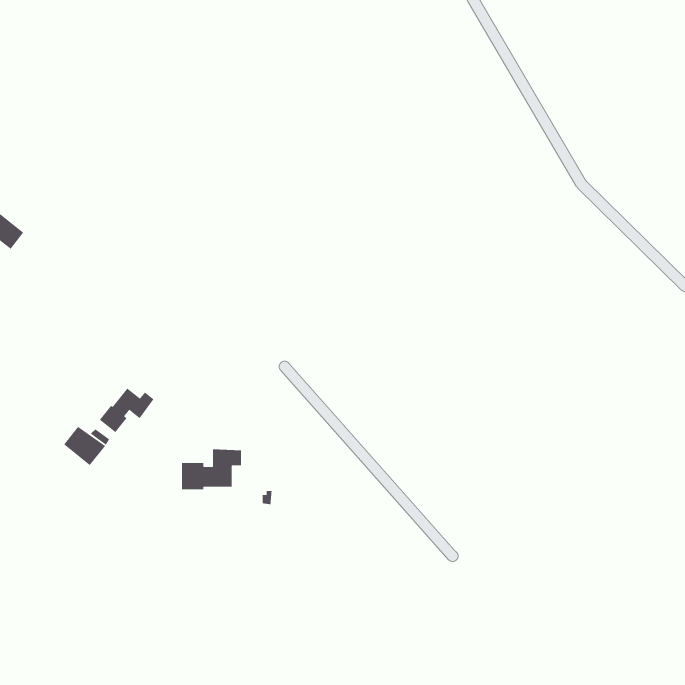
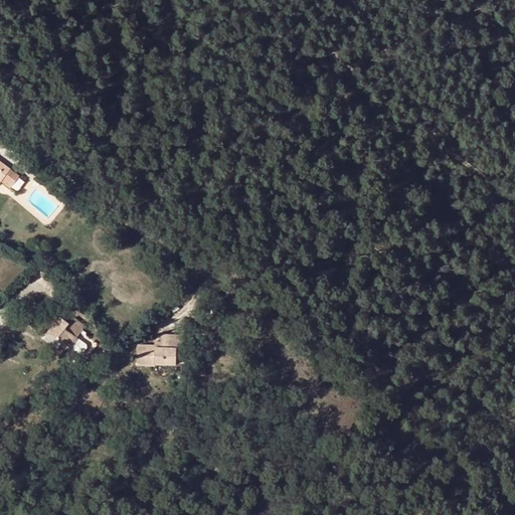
building: [99,387,154,433] -> none

